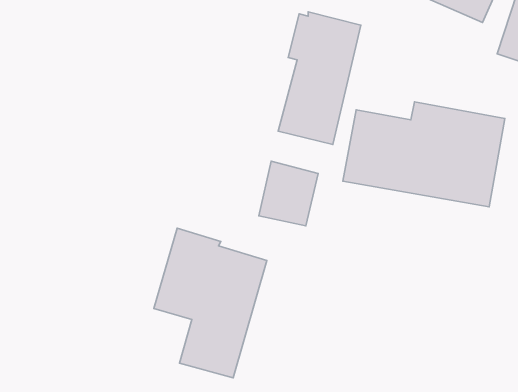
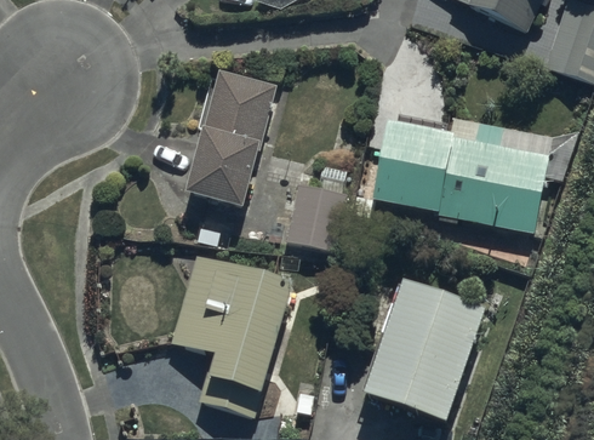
building: [278,12,361,145] -> [185,68,275,212]
building: none -> [366,285,489,425]

